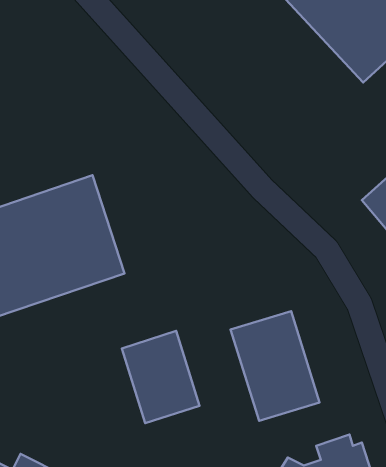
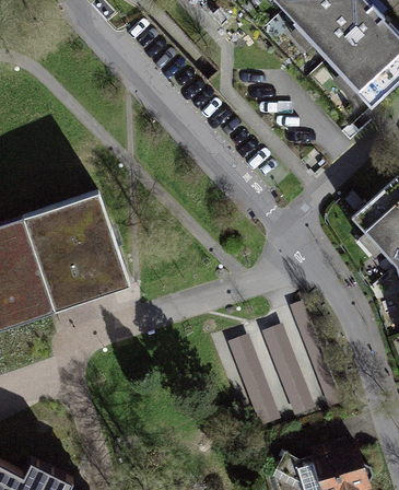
building: [122,331,200,423] -> none

